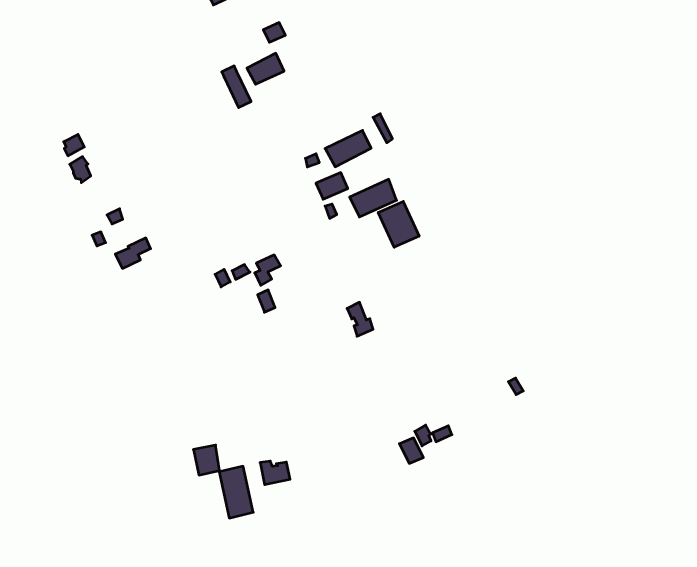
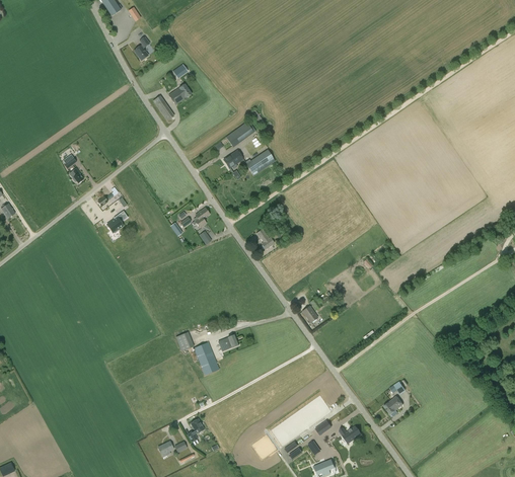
building: [378,201,419,247] -> none

